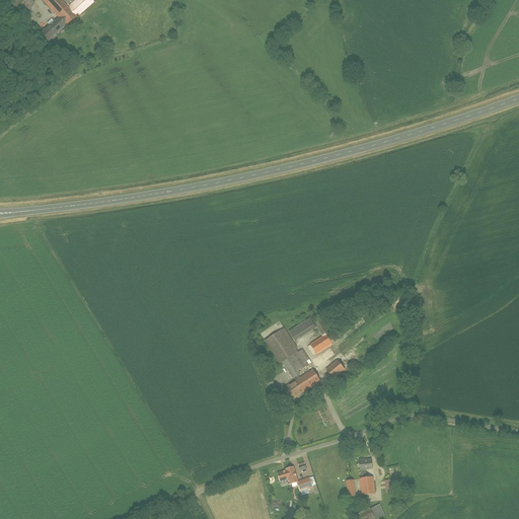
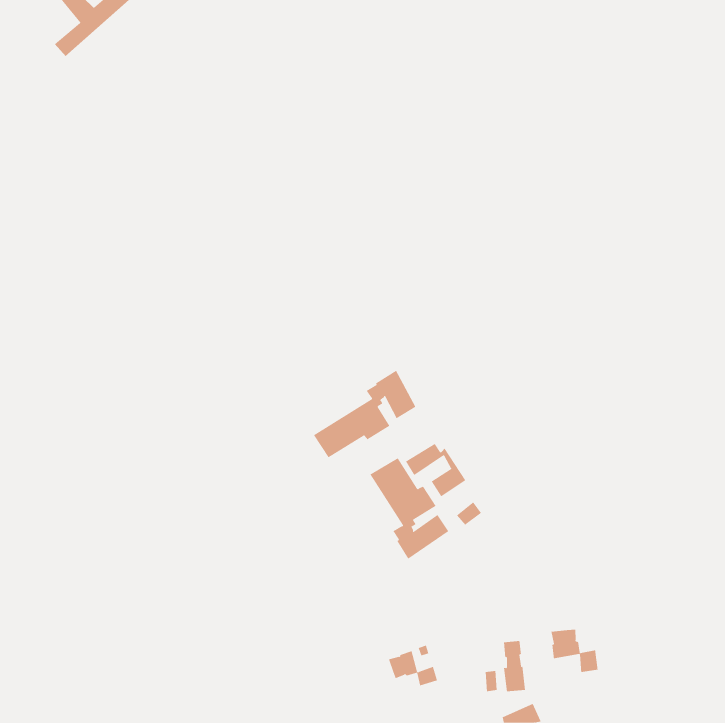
building: none -> [313,370,416,458]
building: none -> [551,629,598,673]

